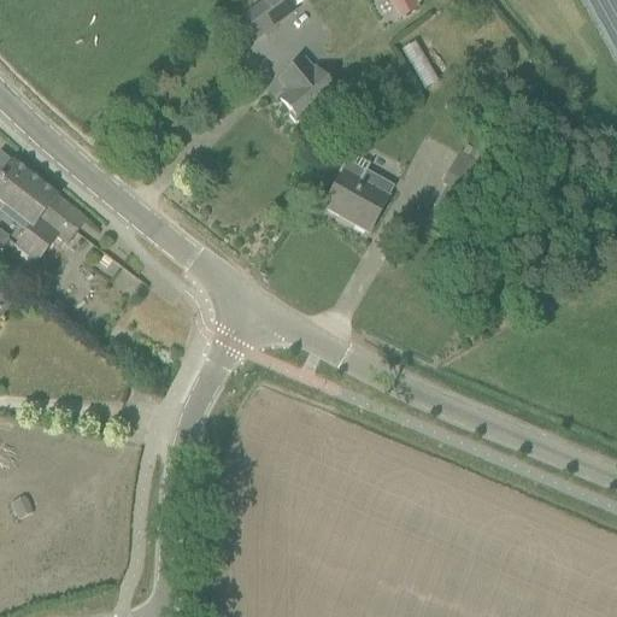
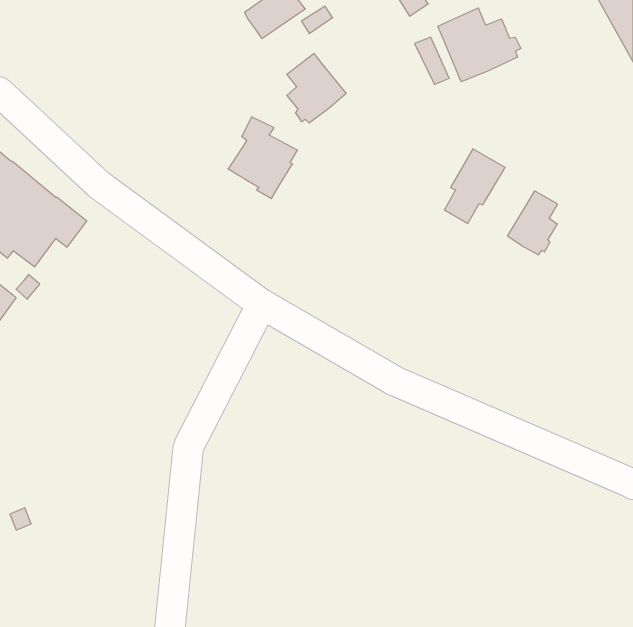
building: none -> [438,8,521,82]
building: [324,148,392,228] -> [228,117,298,199]
building: none -> [508,191,557,255]

